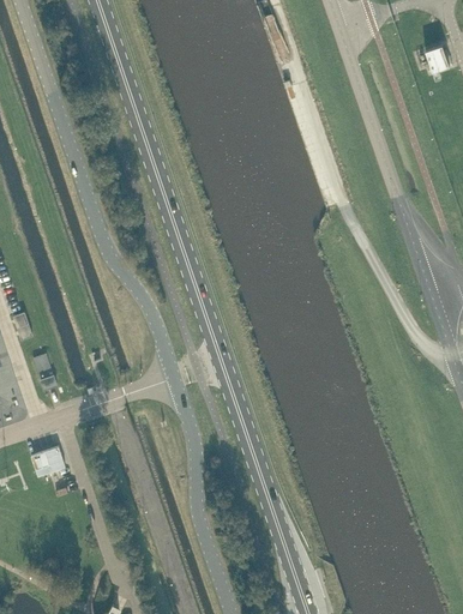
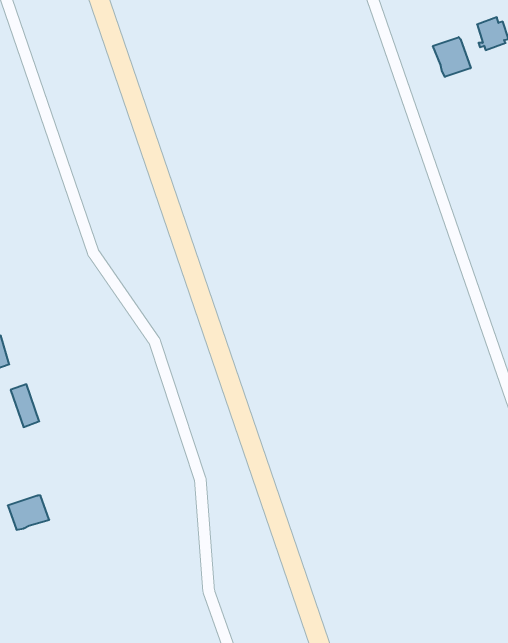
building: none -> [433,37,471,77]

